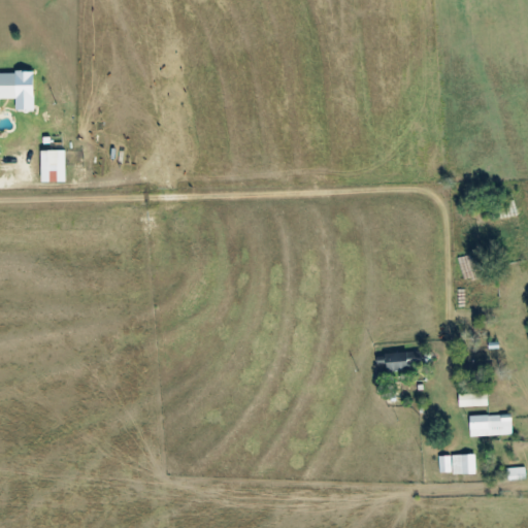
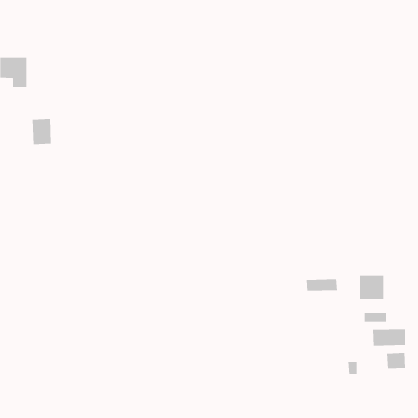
building: none -> [359,275,384,300]
building: [451,454,475,474] -> [386,353,406,369]

